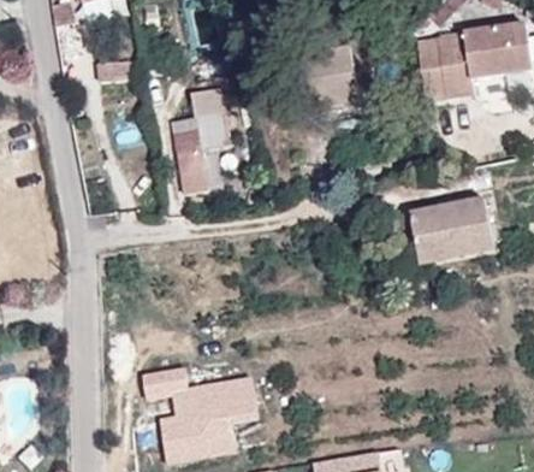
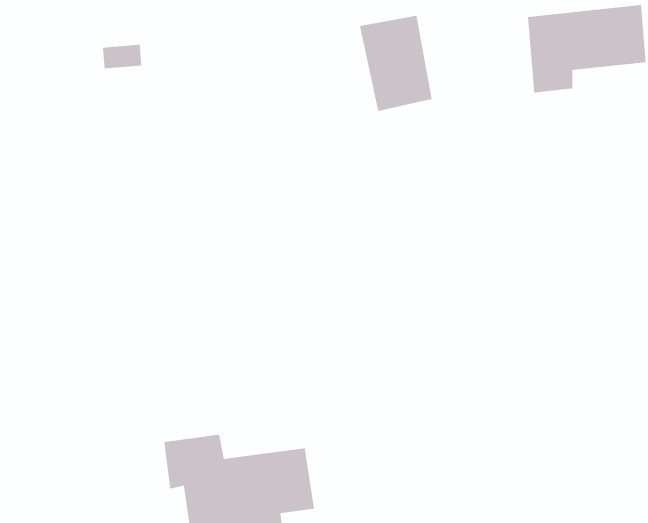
building: [171,88,227,191] -> none
building: [410,196,492,261] -> none

